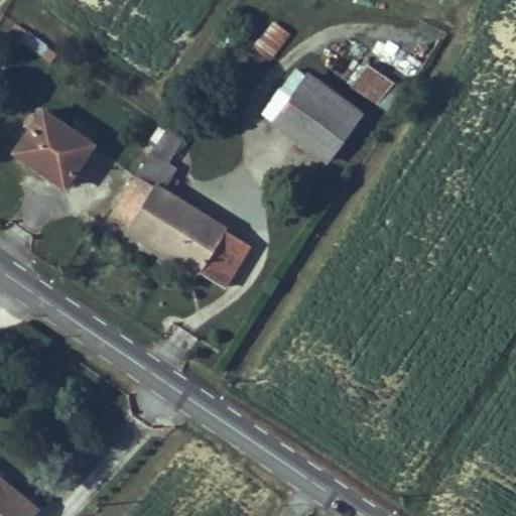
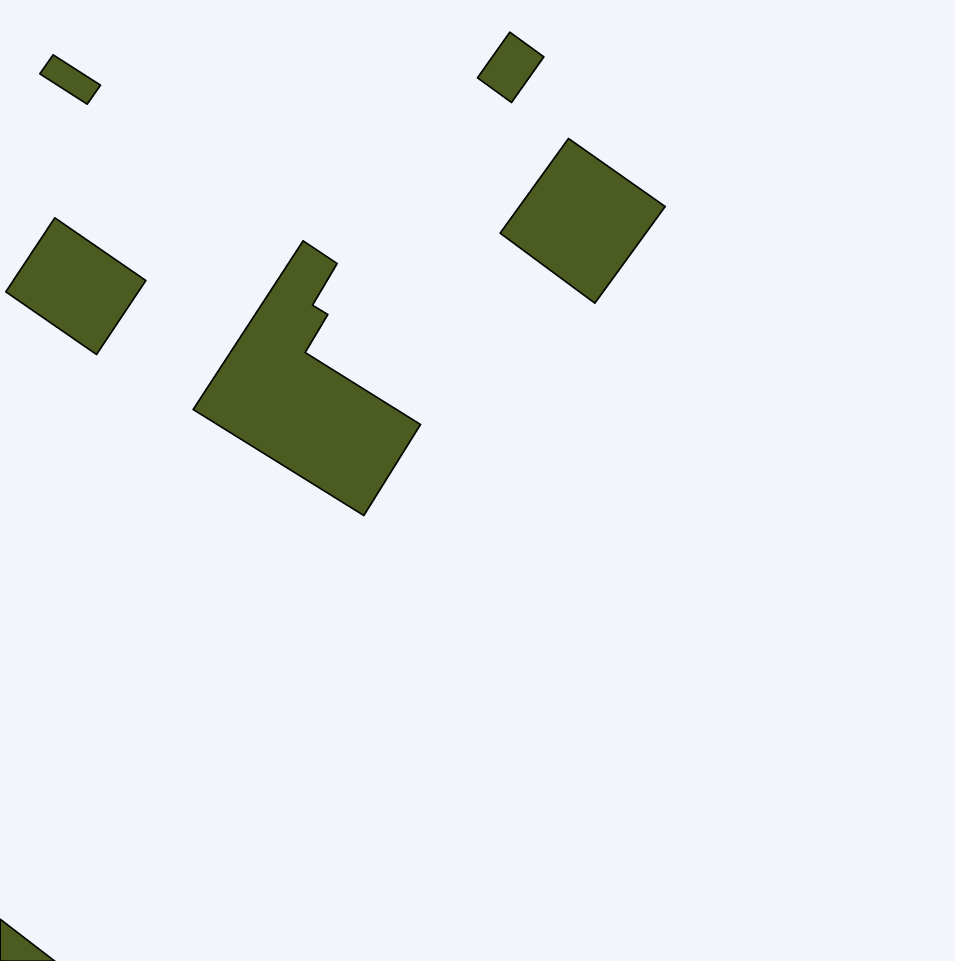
building: [354,61,398,104] -> none
building: [201,226,257,290] -> none

